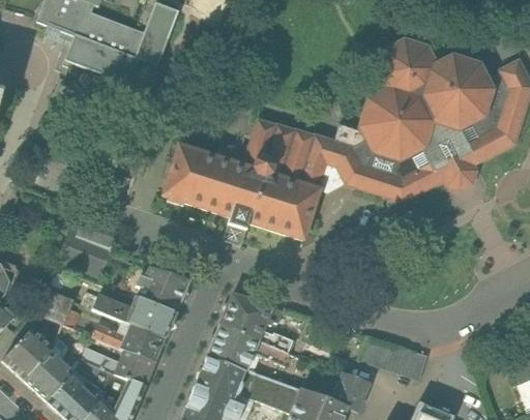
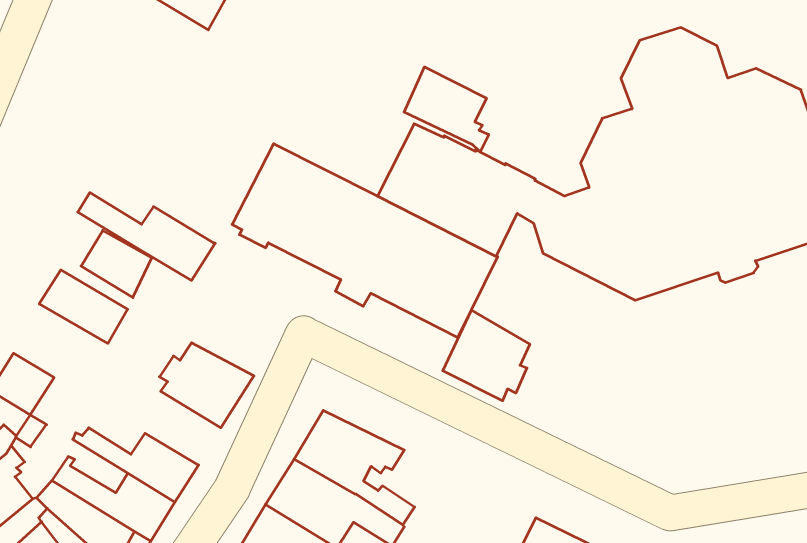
building: none -> [404,67,489,152]
building: none -> [443,310,530,401]
building: [92,296,175,337] -> [78,193,215,280]

